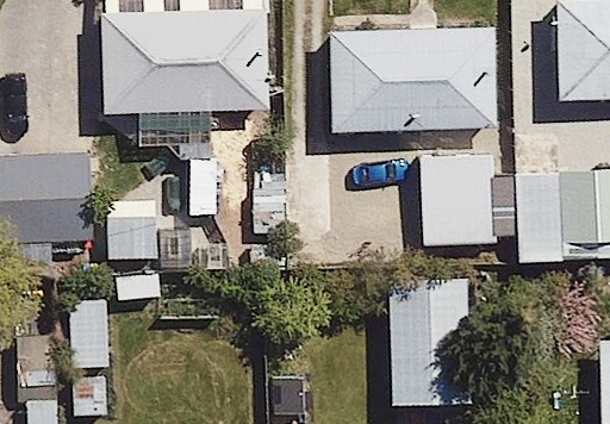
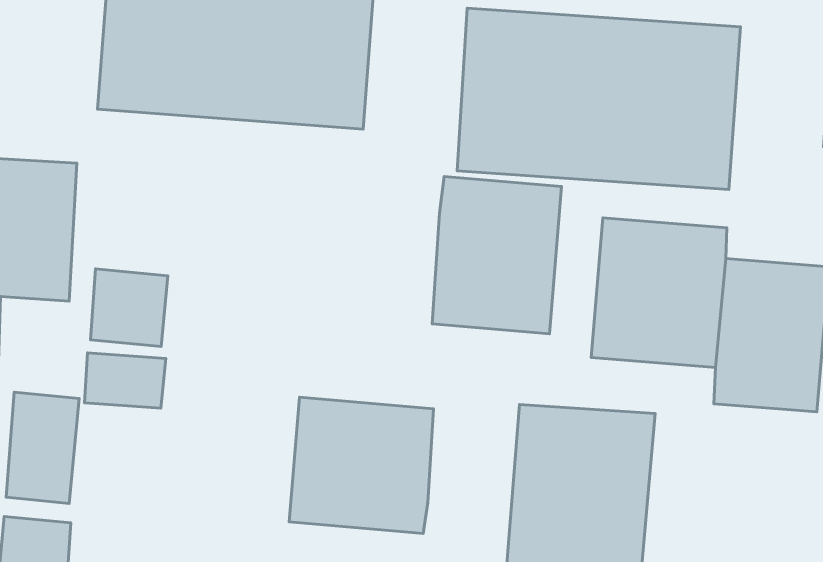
building: none -> [432,176,561,334]
building: none -> [289,397,434,533]

